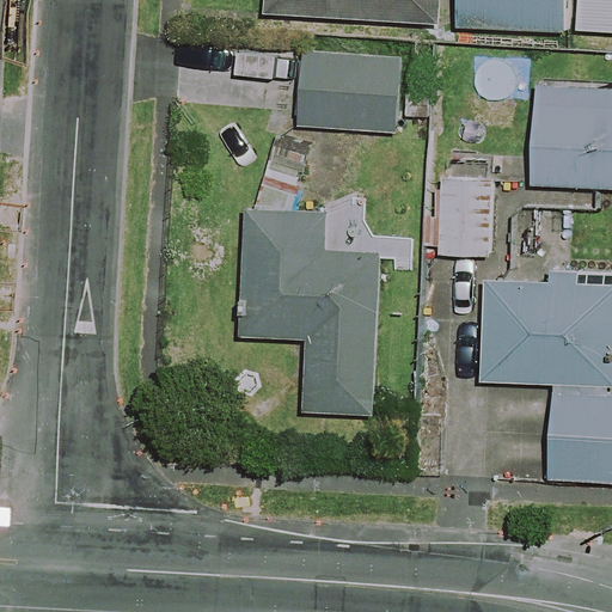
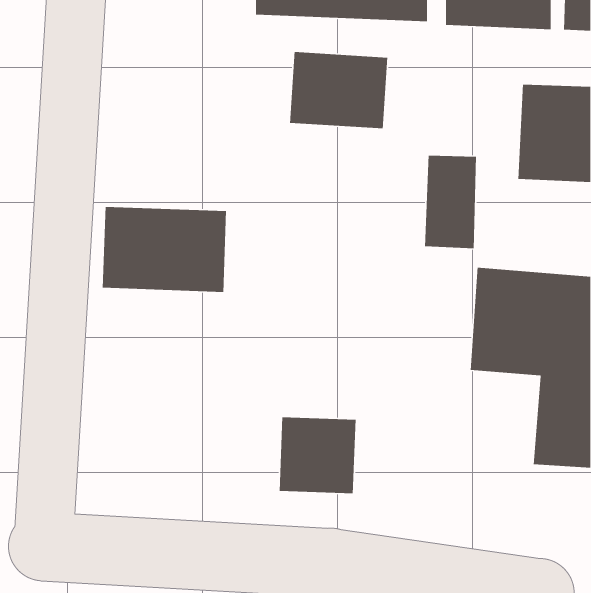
building: [241,207,380,412] -> none
building: none -> [102,206,227,293]
building: none -> [279,417,356,494]

